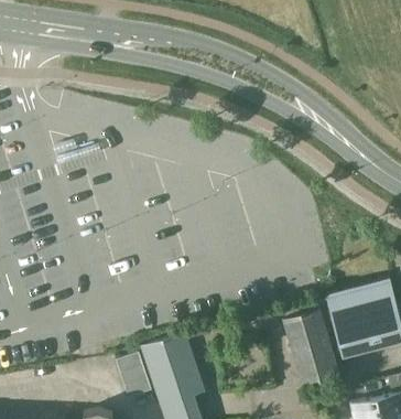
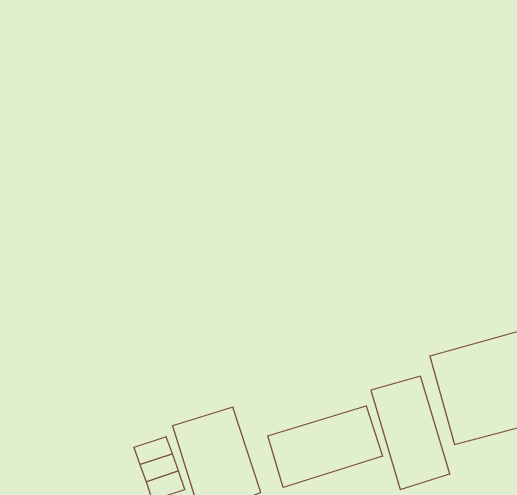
building: none -> [268,406,383,487]

